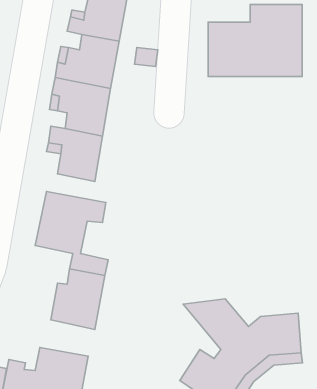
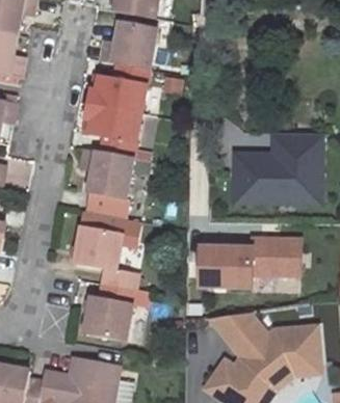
building: [208,4,302,76] -> [236,135,324,203]
building: none -> [200,237,300,287]

